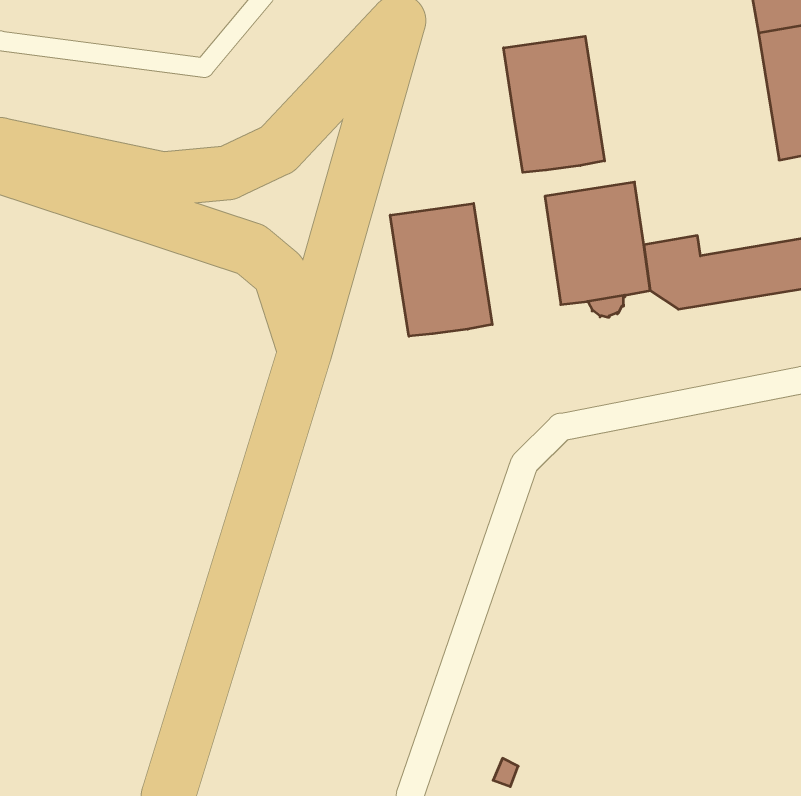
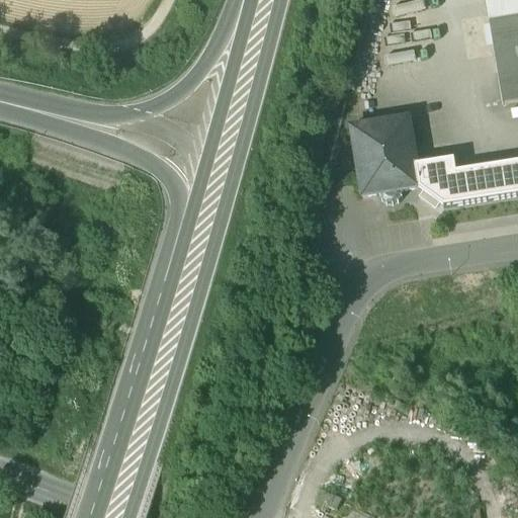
building: [504,36,605,172] -> none
building: [390,203,492,336] -> none

